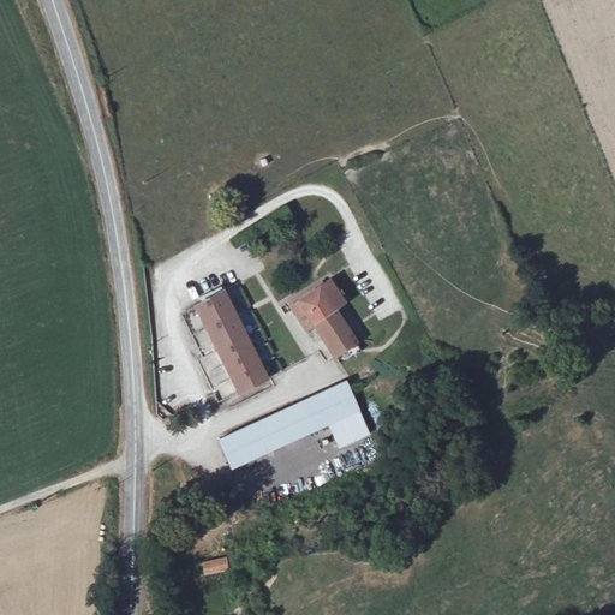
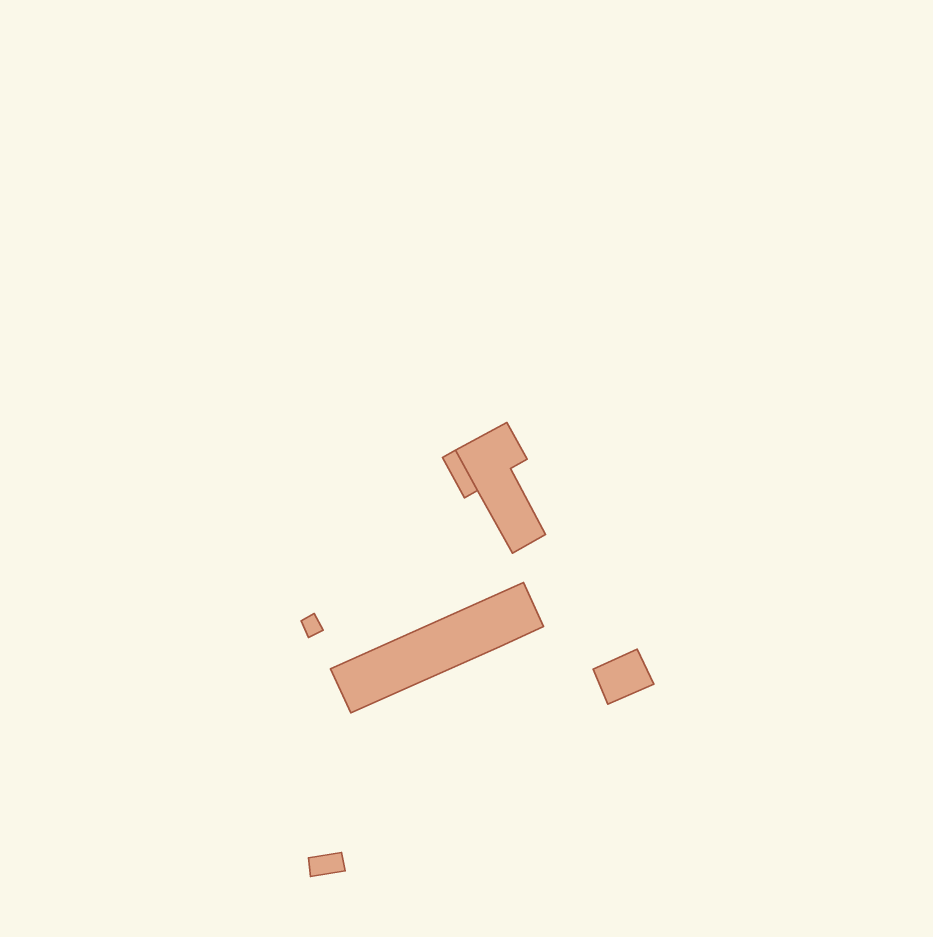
building: [192,288,263,388] -> none
building: [330,411,370,447] -> [593,649,654,704]

